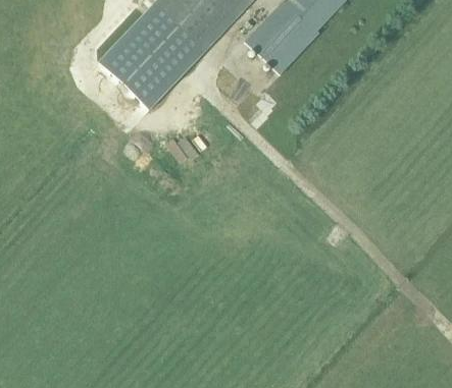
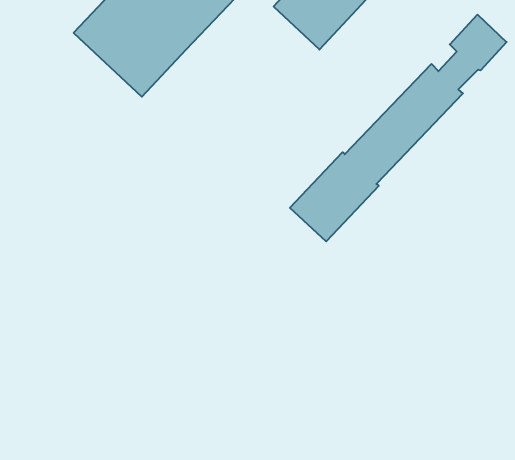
building: none -> [290,15,507,241]

